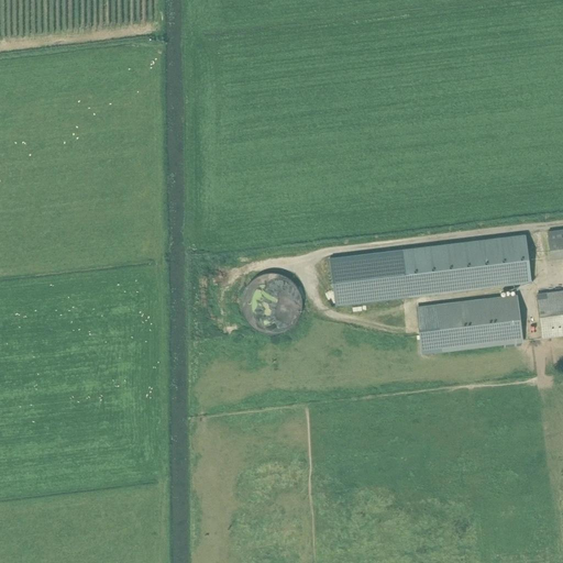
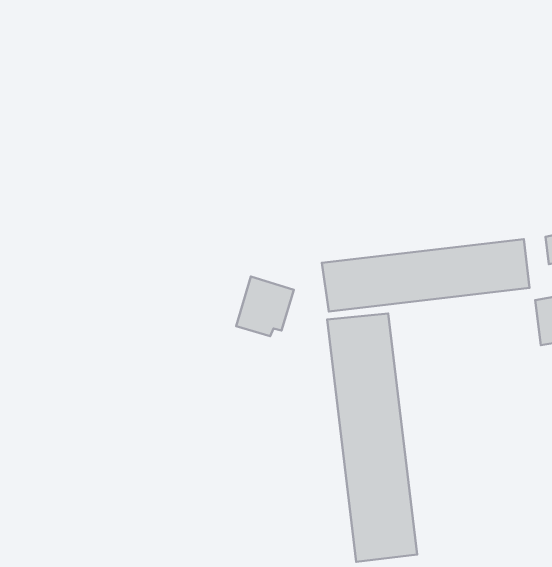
building: [416,294,522,354] -> none
building: none -> [327,314,417,562]

